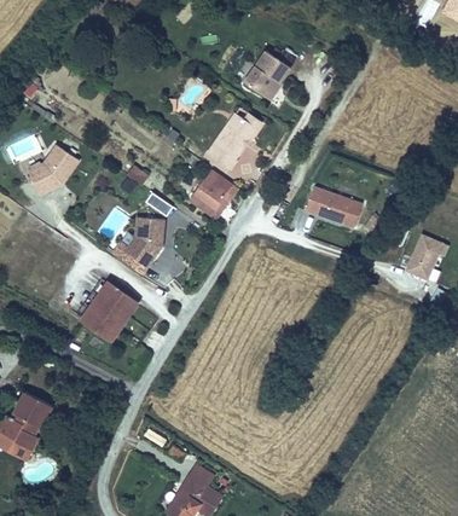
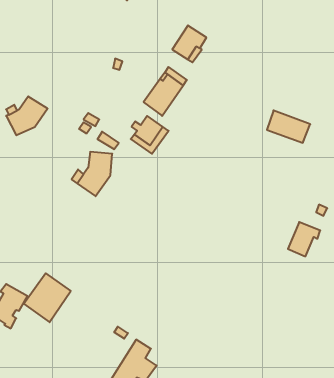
building: [306,186,363,228] -> [267,110,310,143]
building: [406,234,448,279] -> [288,222,320,256]
building: [77,282,139,346] -> [24,273,71,322]

